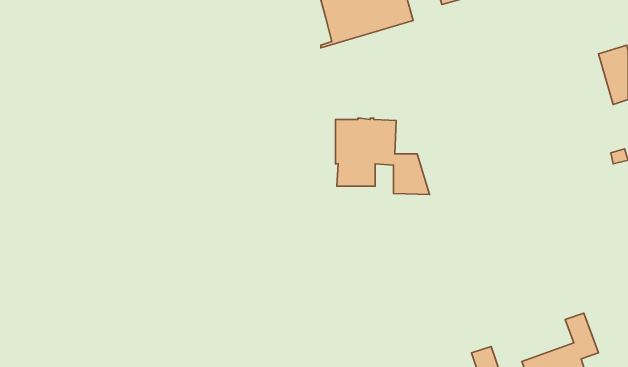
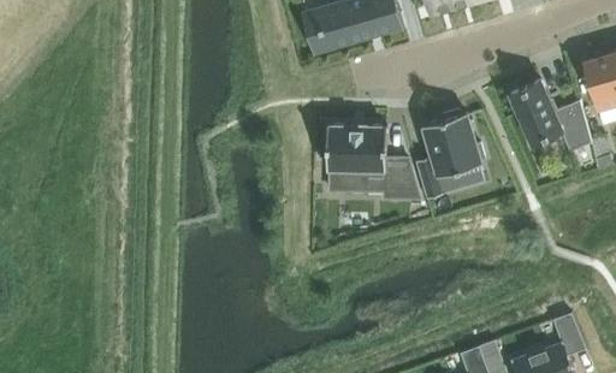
building: none -> [510,81,591,150]
building: none -> [414,108,485,199]

